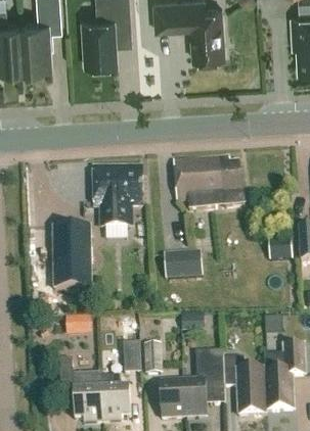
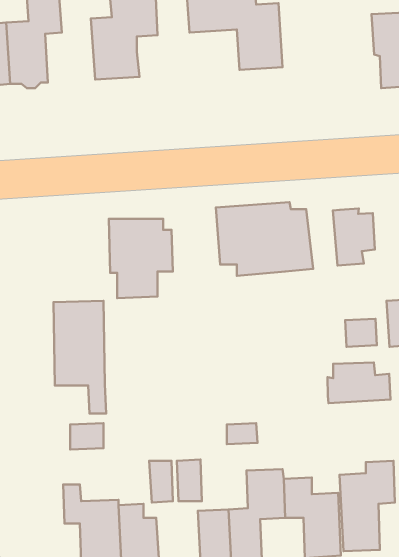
building: none -> [333,209,375,265]
building: [165,249,204,278] -> none
building: none -> [327,362,390,403]

